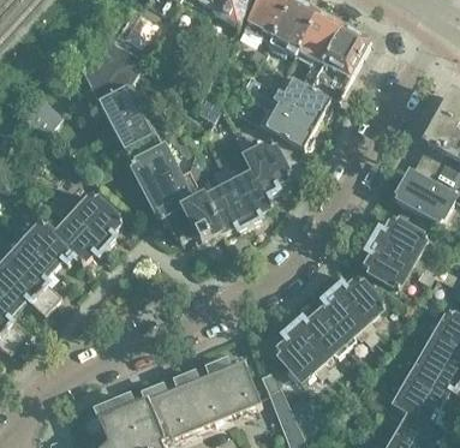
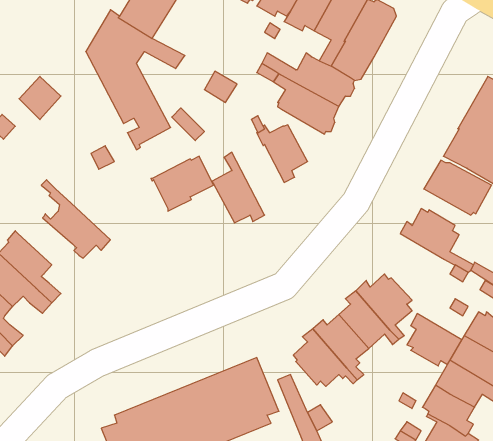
building: [130,141,179,189] -> none
building: [213,149,271,222] -> none
building: [55,189,120,245] -> none
building: [166,195,220,243] -> none
building: [18,221,74,268] -> none
building: [363,239,413,287] -> [407,314,462,366]

